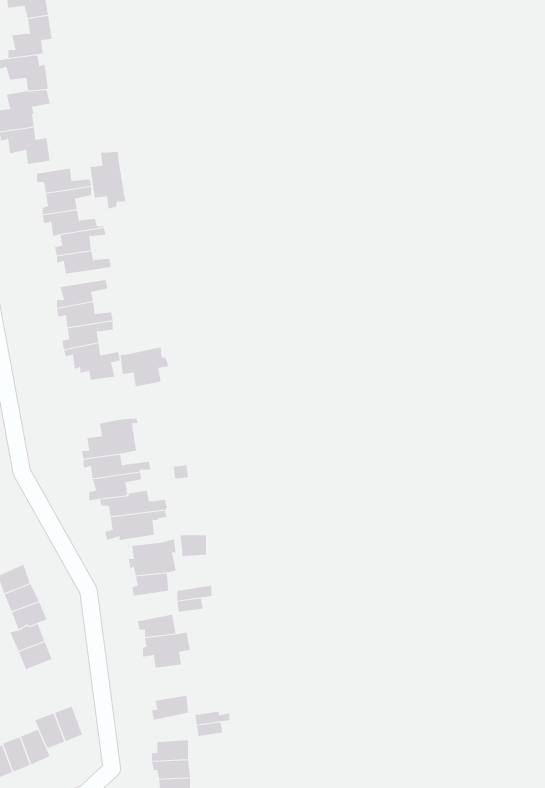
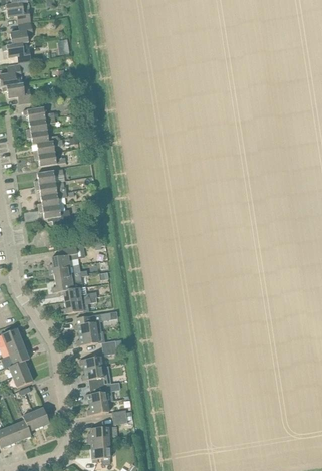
building: [90,151,126,210] -> none
building: [120,347,169,387] -> none
building: none -> [85,383,113,404]

